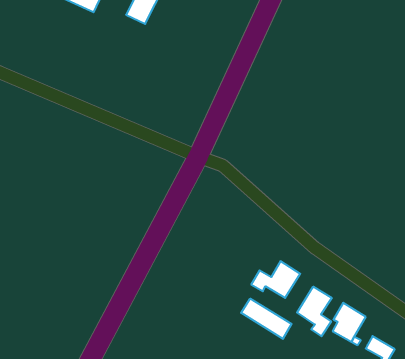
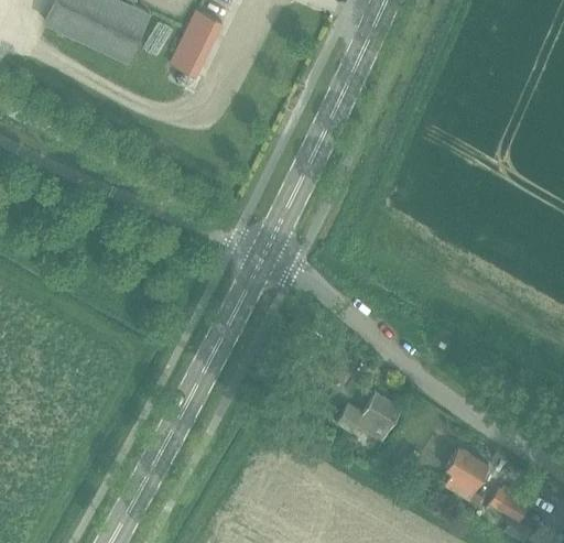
building: [297,287,332,336] -> none
building: [241,299,292,339] -> none

